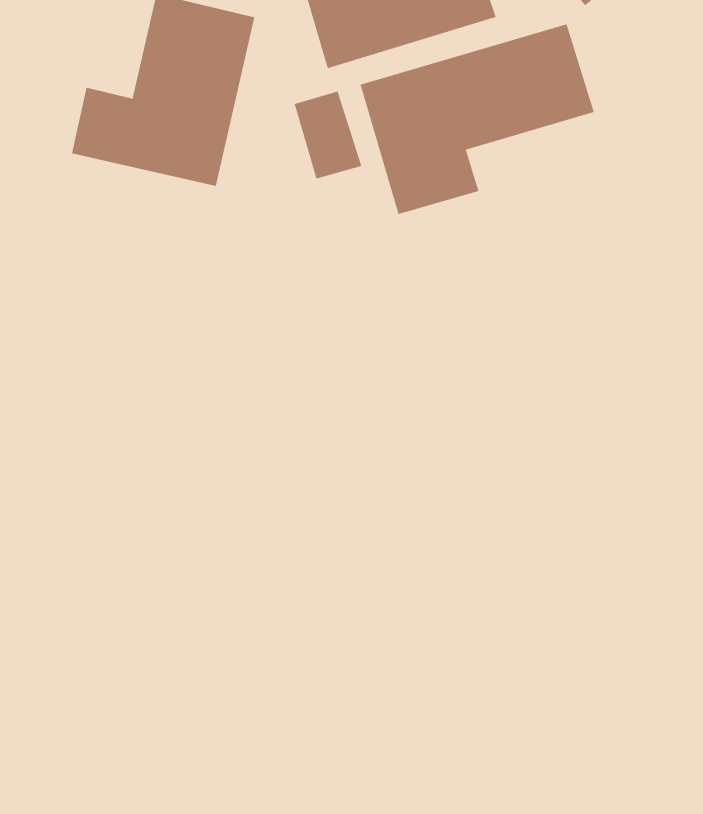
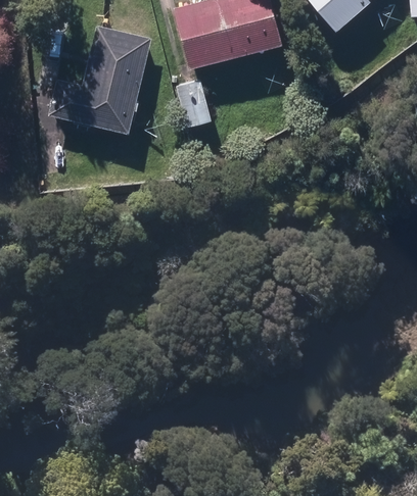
building: [360,24,595,215] -> none

